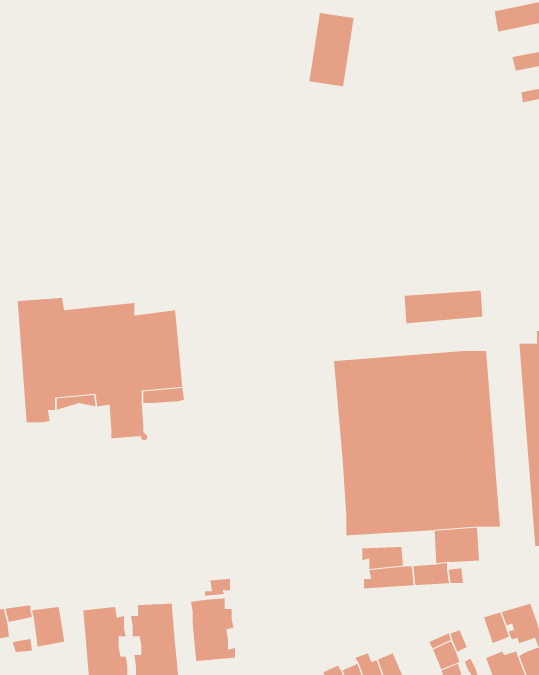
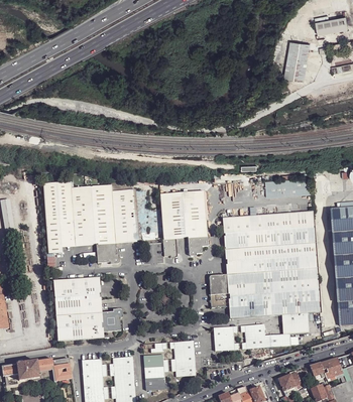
building: [309,13,354,87] -> [283,38,310,81]
building: none -> [160,194,209,259]
building: none -> [211,275,232,308]
building: none -> [51,278,123,343]
building: none -> [214,325,239,351]
building: none -> [169,341,197,377]

